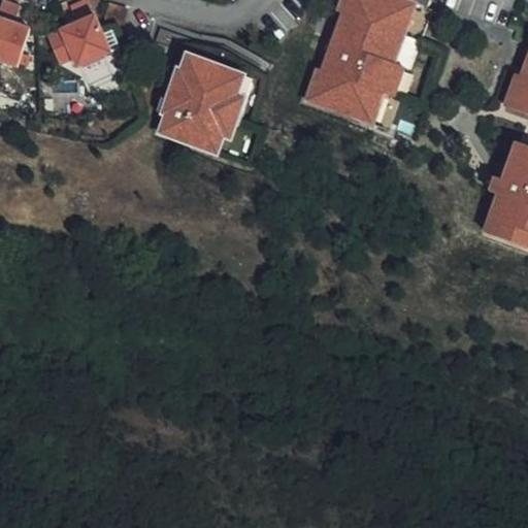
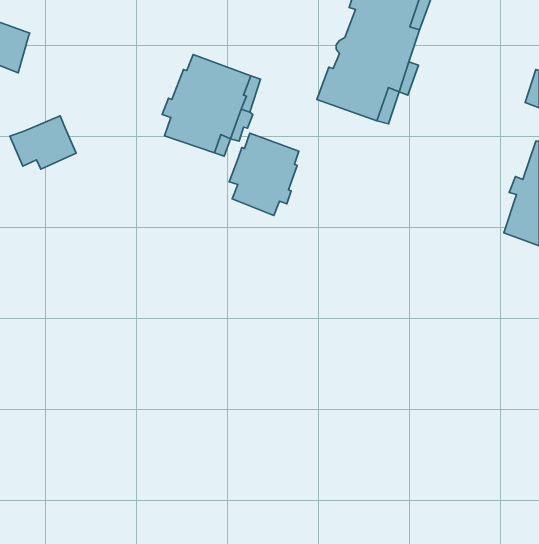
building: [44,20,108,71] -> [10,116,76,169]
building: none -> [229,133,299,216]

